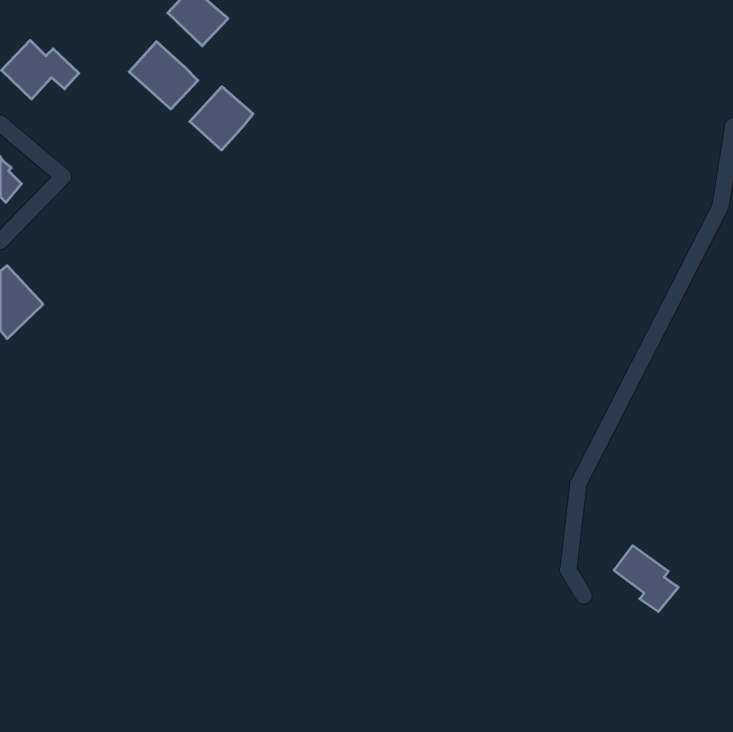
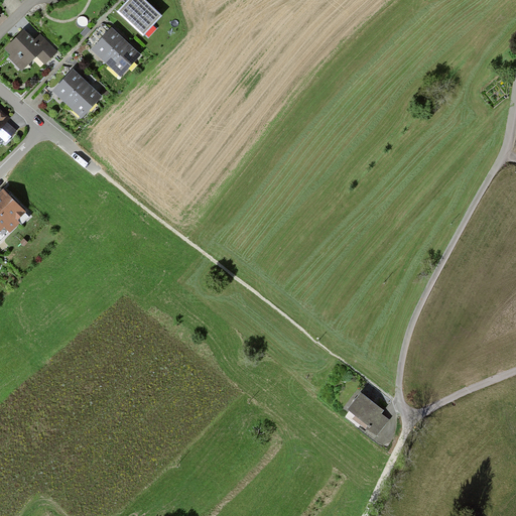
building: [190,87,253,150] -> none
building: none -> [52,71,101,118]
building: [614,546,678,612] -> [347,390,392,436]

